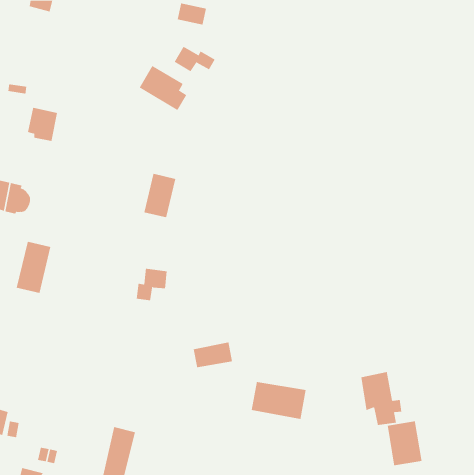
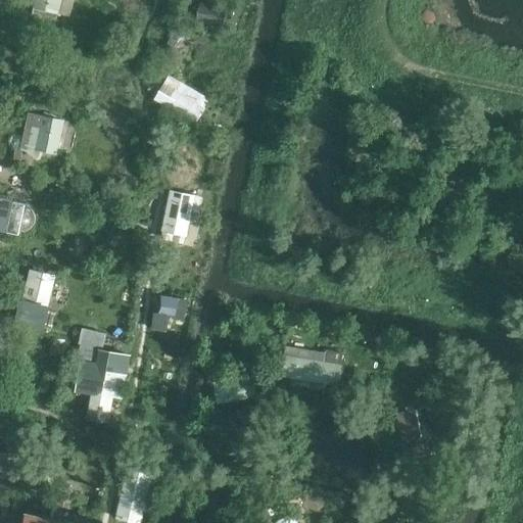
building: [174,46,215,72] -> none
building: none -> [77,328,130,429]
building: [251,381,307,420] -> [279,344,340,386]
building: [387,420,422,466] -> none

